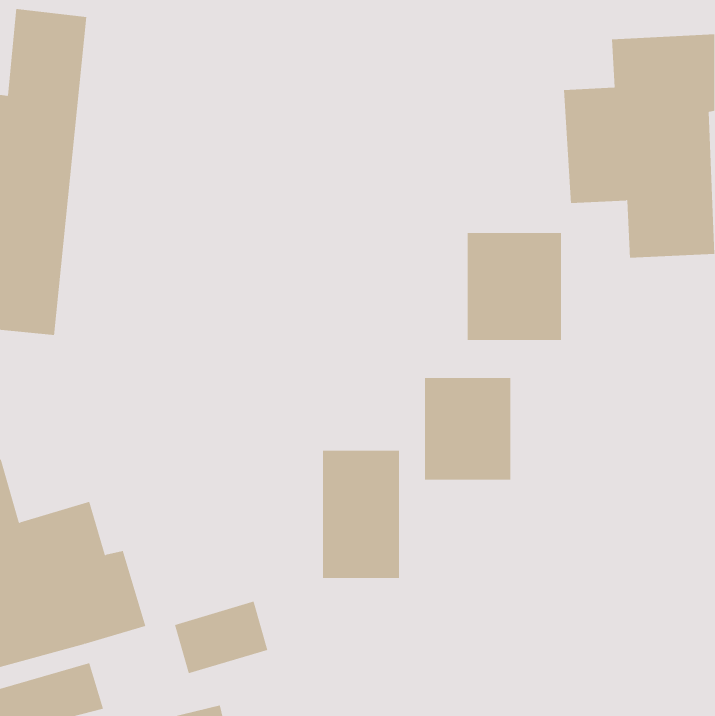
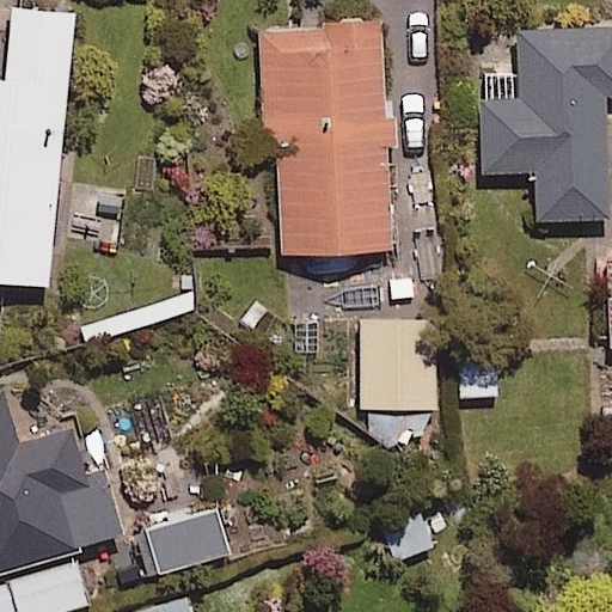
building: none -> [258,24,392,256]
building: [467,232,561,341] -> none
building: [323,450,400,579] -> none

